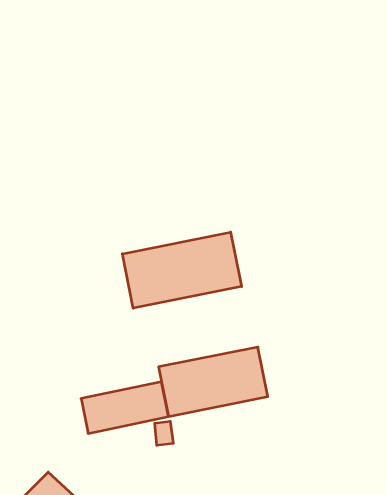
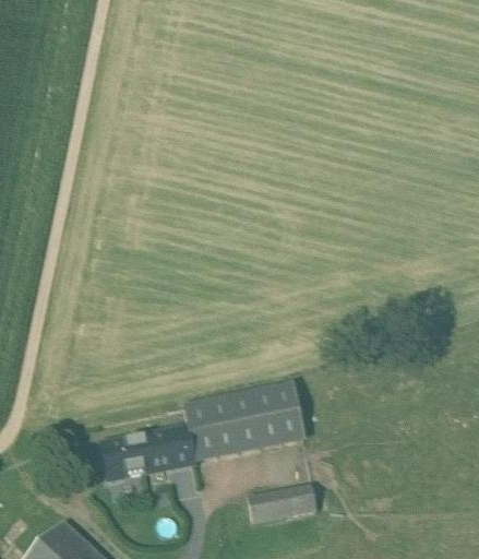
building: [122,232,242,308] -> none
building: none -> [249,485,318,523]

